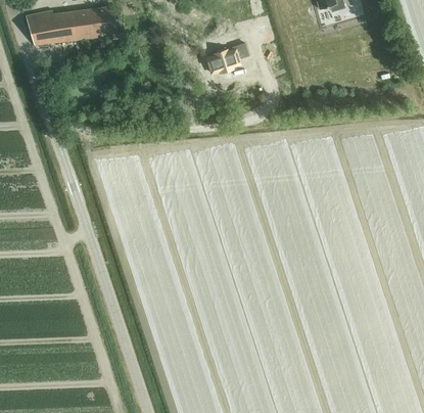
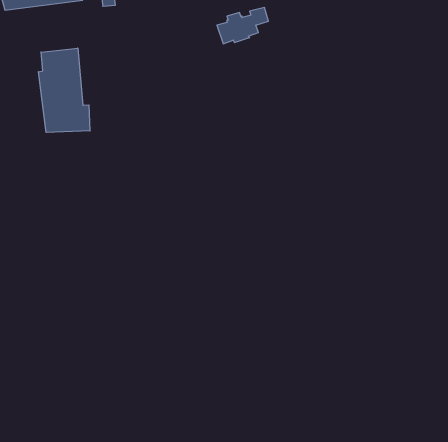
building: none -> [38,48,90,132]

